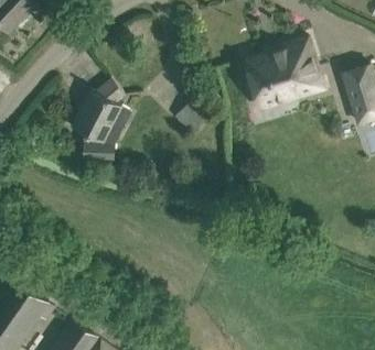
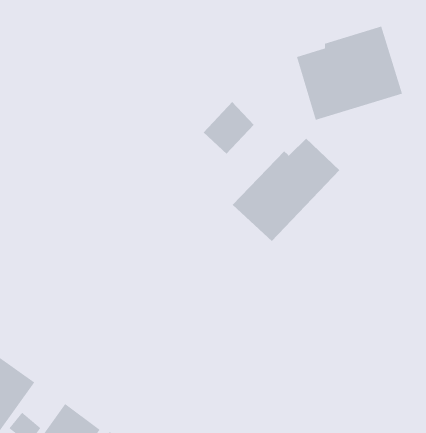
building: [73,79,131,160] -> none
building: none -> [232,138,340,242]

